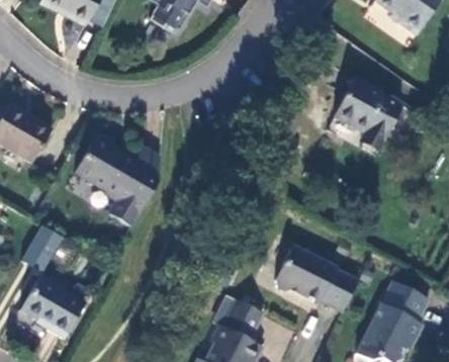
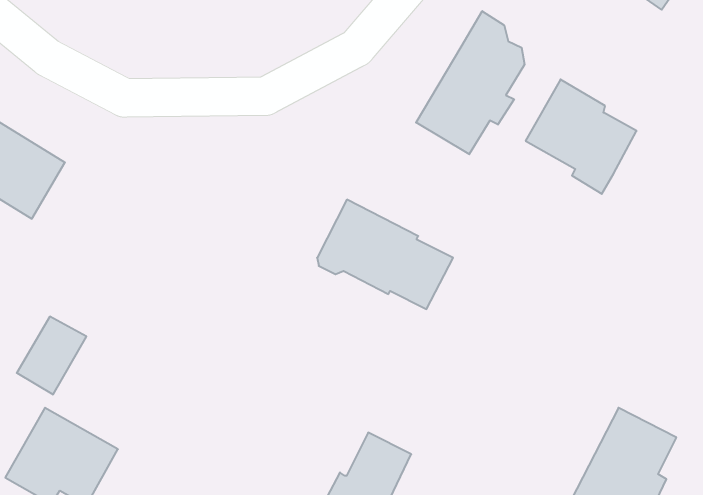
building: none -> [416,11,525,154]
building: [76,139,161,229] -> none
building: [272,244,355,310] -> [317,200,453,309]

